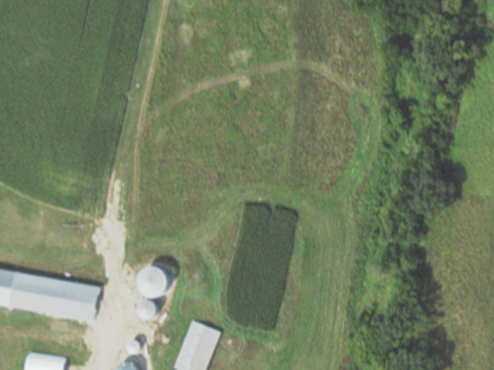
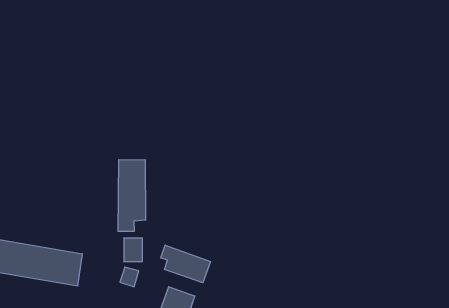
building: none -> [118,160,145,231]
building: none -> [161,245,210,283]

